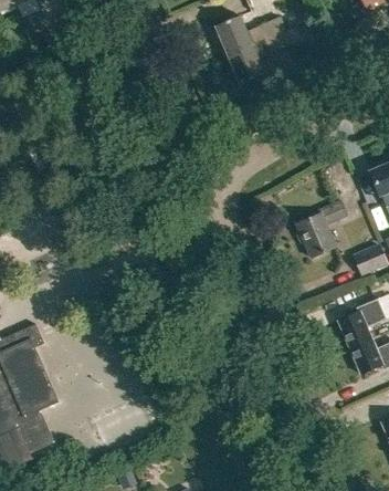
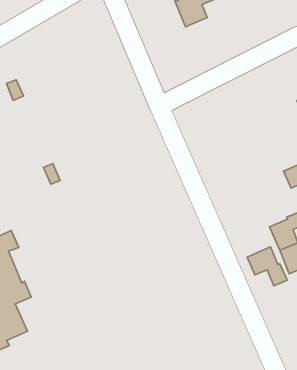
building: [296,201,347,258] -> none
building: none -> [247,247,287,286]

